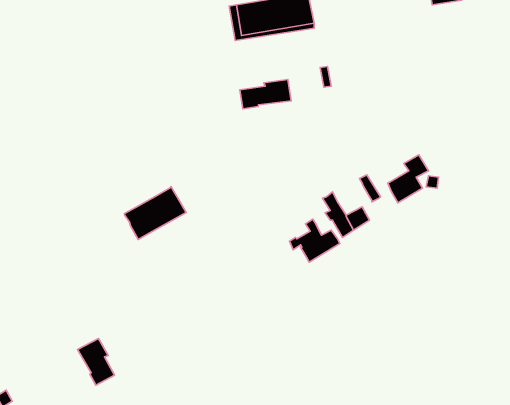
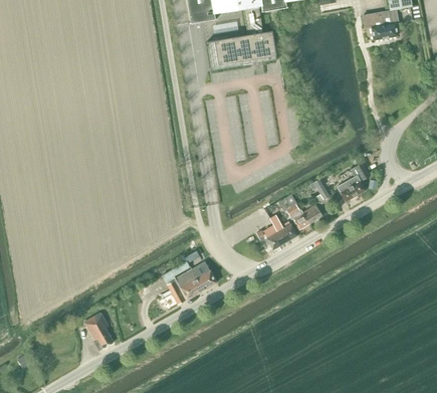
building: [240,80,291,109] -> none
building: [124,187,186,239] -> [166,260,216,304]

